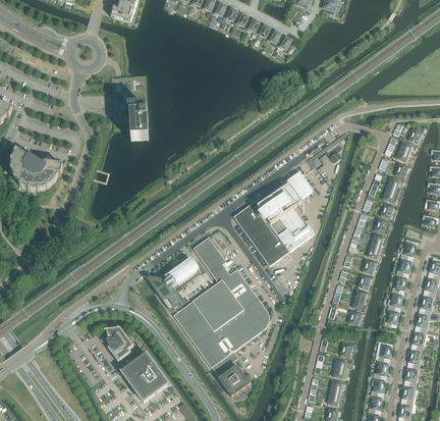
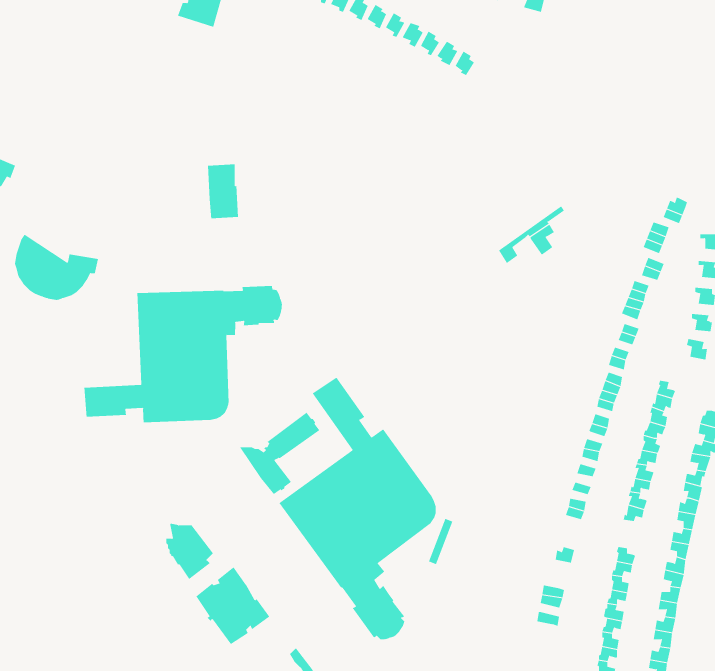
building: [234,171,313,265] -> none
building: none -> [84,285,282,423]

